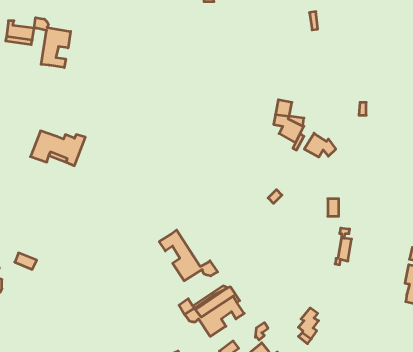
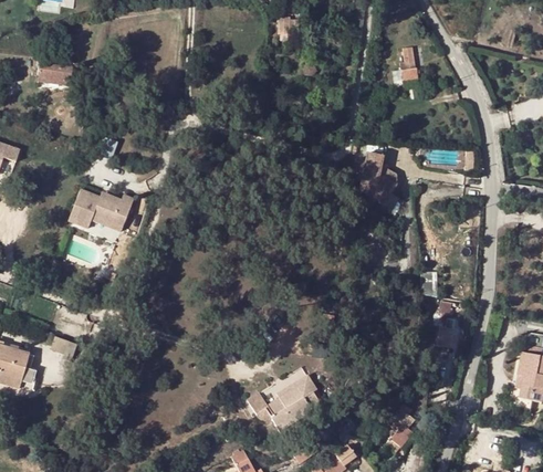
building: [34,18,71,68] -> none
building: [304,133,336,157] -> none
building: [159,230,218,281] -> none

